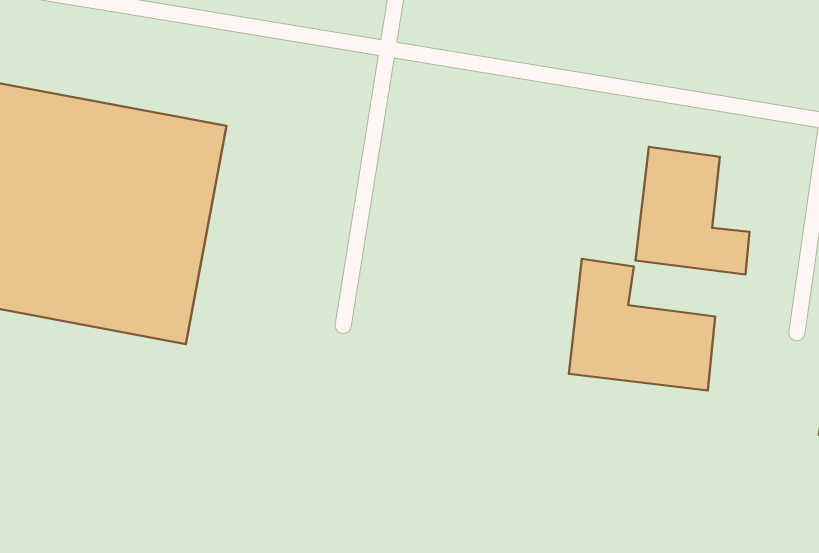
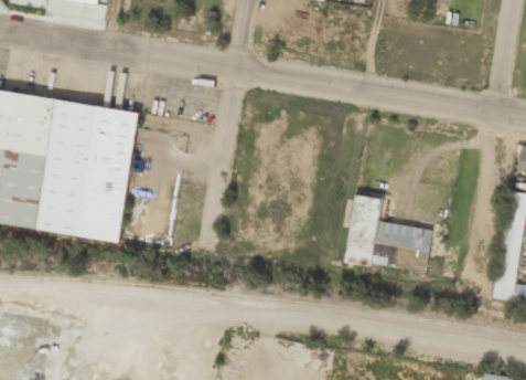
building: [635,147,750,274] -> none

